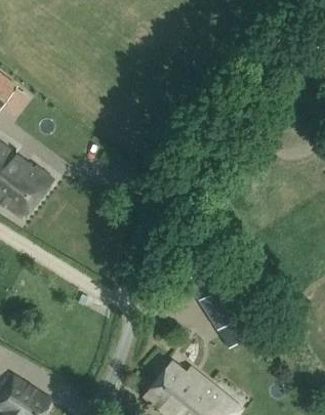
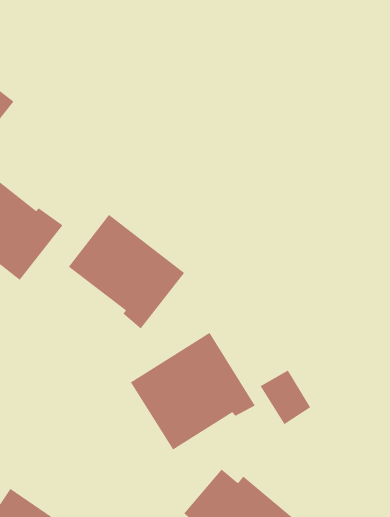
building: none -> [68,214,185,330]
building: none -> [130,332,256,451]

